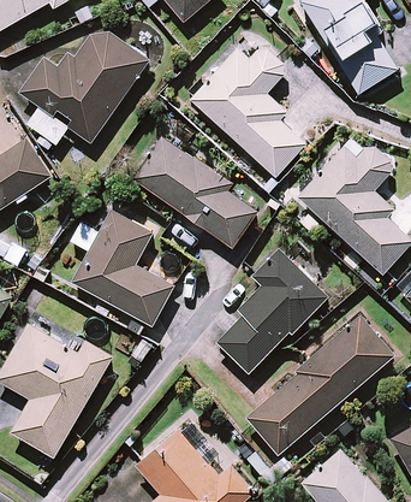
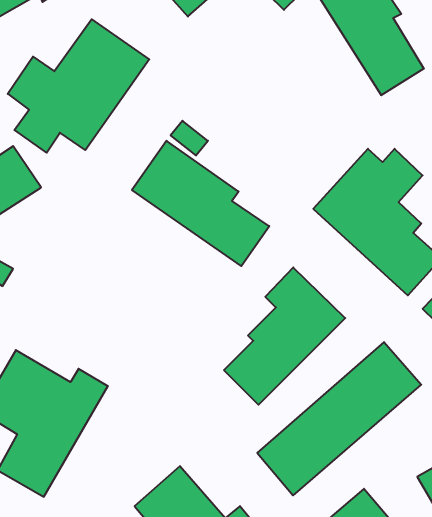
building: [191,49,306,177] -> none
building: [71,212,173,325] -> none

